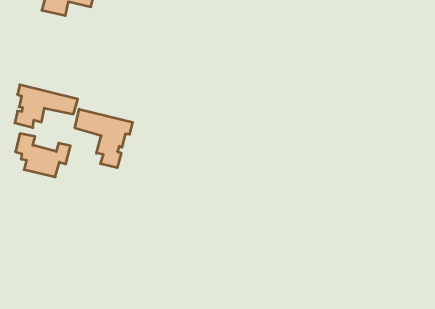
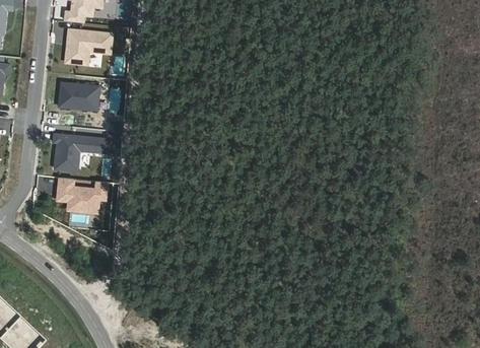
building: none -> [58,81,99,110]
building: [75,109,133,168] -> none

